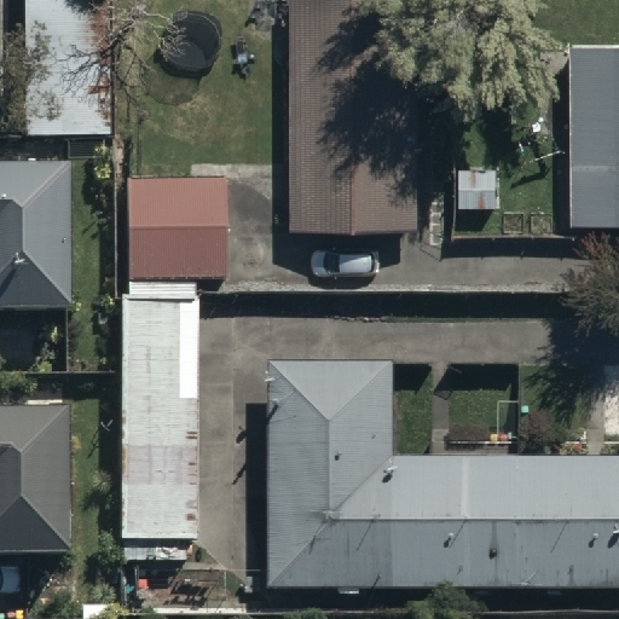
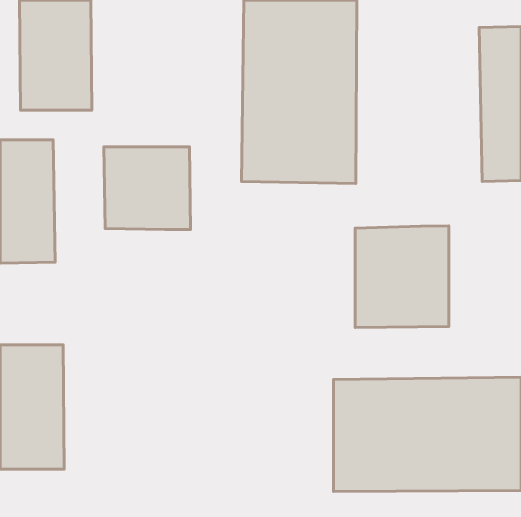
building: none -> [355,226,449,327]
building: [115,276,198,538] -> none
building: [268,359,395,589] -> none

